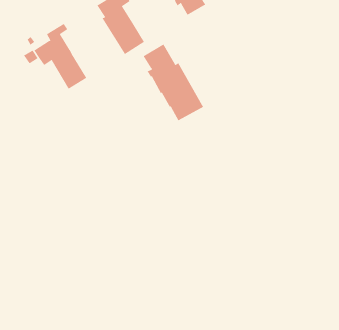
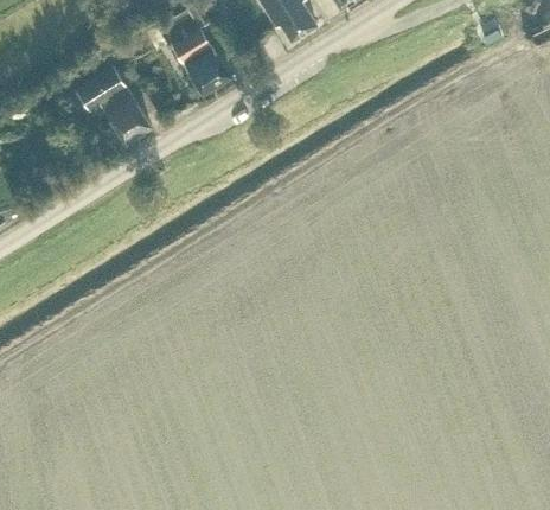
building: [143,43,204,121] -> none

